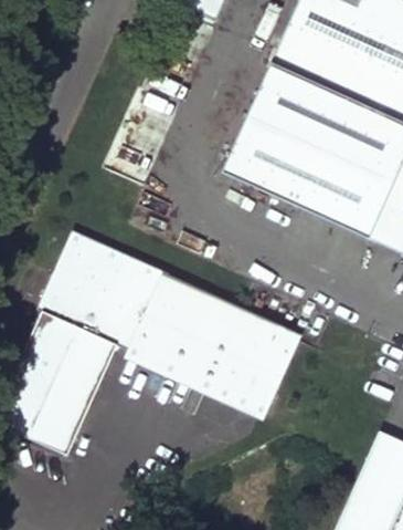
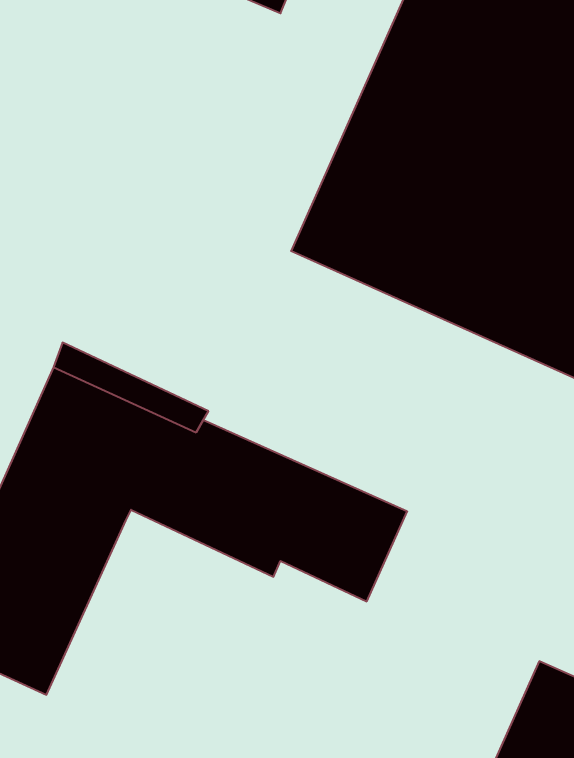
building: [119,335,271,415] -> none

